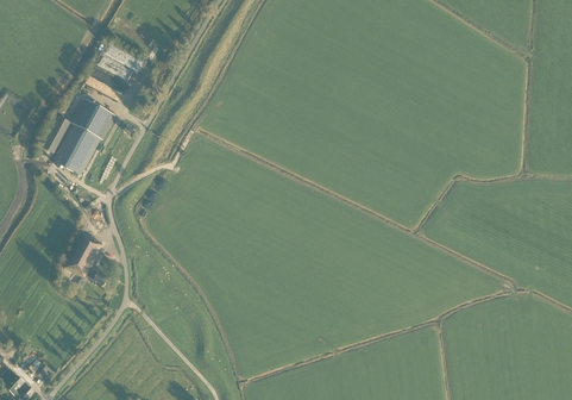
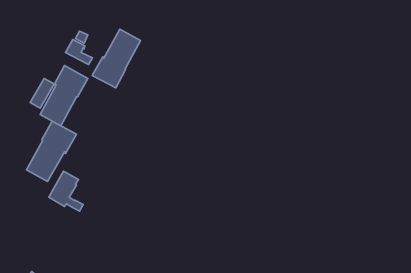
building: none -> [92,29,140,88]
building: none -> [26,121,77,181]

